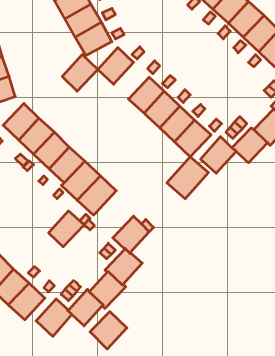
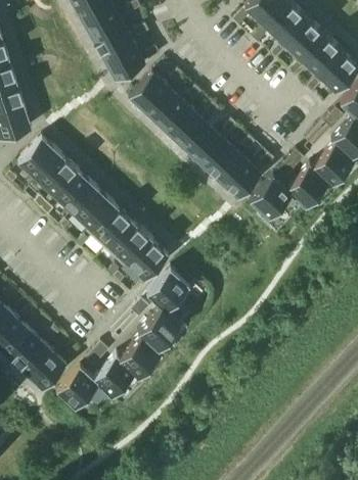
building: [62,55,98,91] -> [146,89,188,132]
building: [167,157,208,199] -> none
building: [49,211,84,247] -> [126,239,168,281]
building: [90,312,127,349] -> none

